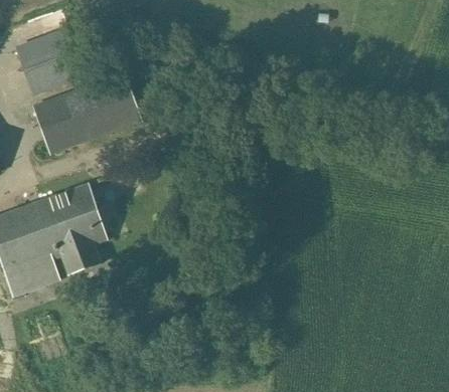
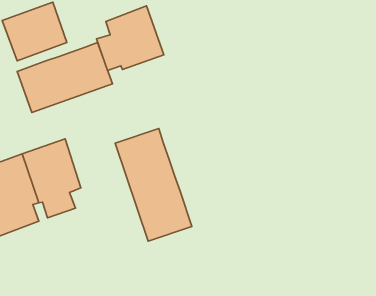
building: none -> [96,6,164,71]
building: none -> [115,129,192,241]

